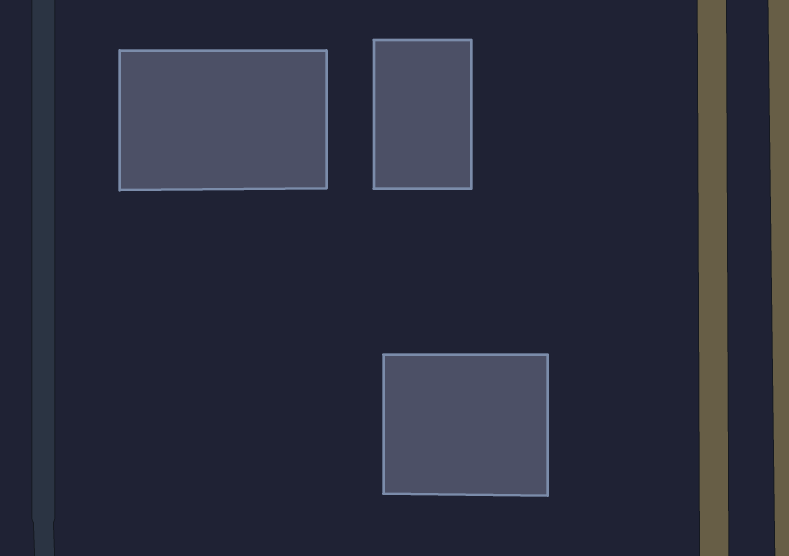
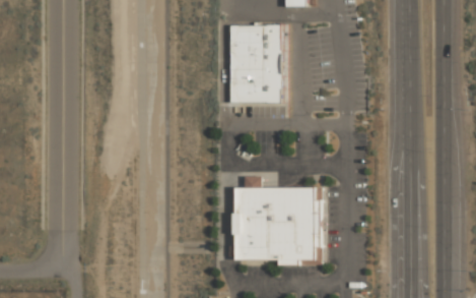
building: [120,50,326,190] -> none

